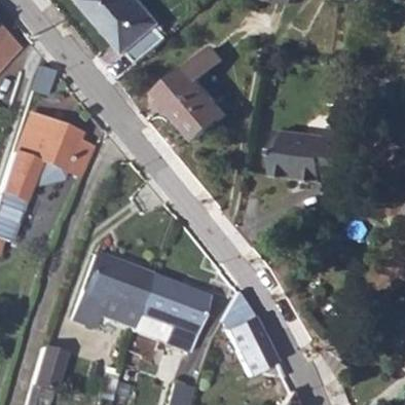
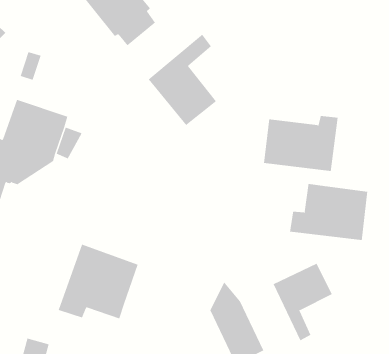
building: none -> [290,183,368,241]
building: none -> [273,263,332,341]
building: [140,275,211,352] -> none

